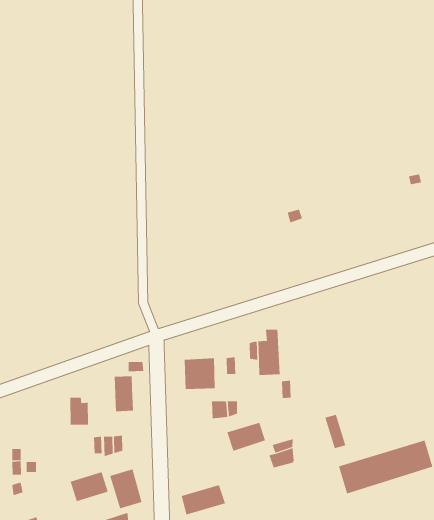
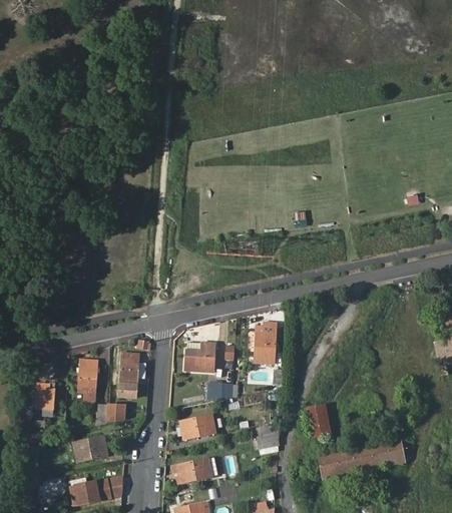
building: none -> [35,384,54,410]
building: [226,422,266,451] -> [180,416,215,440]
building: [110,468,142,509] -> none

